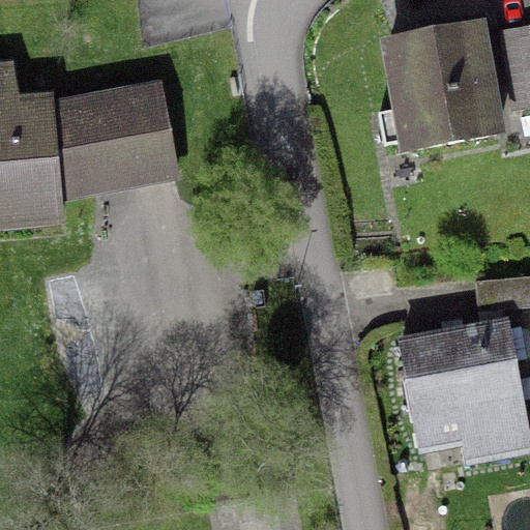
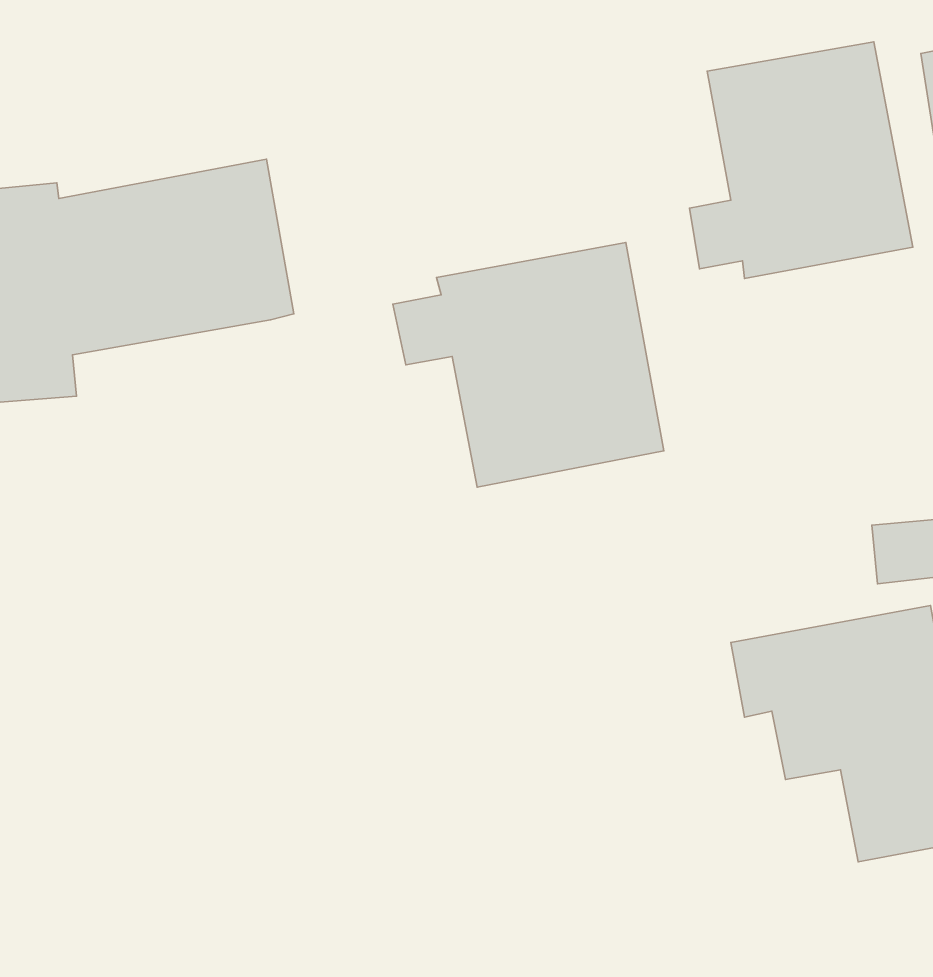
building: none -> [393,242,664,487]

